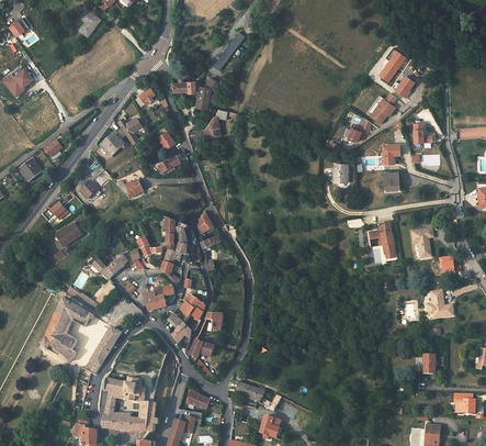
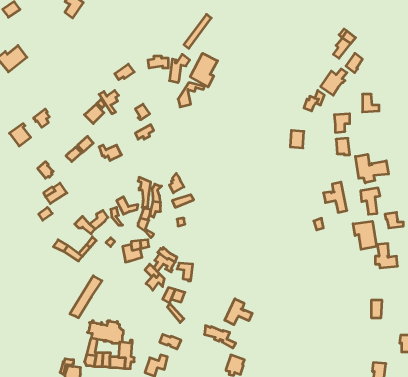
building: none -> [190,53,218,87]
building: none -> [355,154,389,183]
building: none -> [353,221,377,249]
building: [41,299,94,360] -> none
building: none -> [225,299,252,325]

